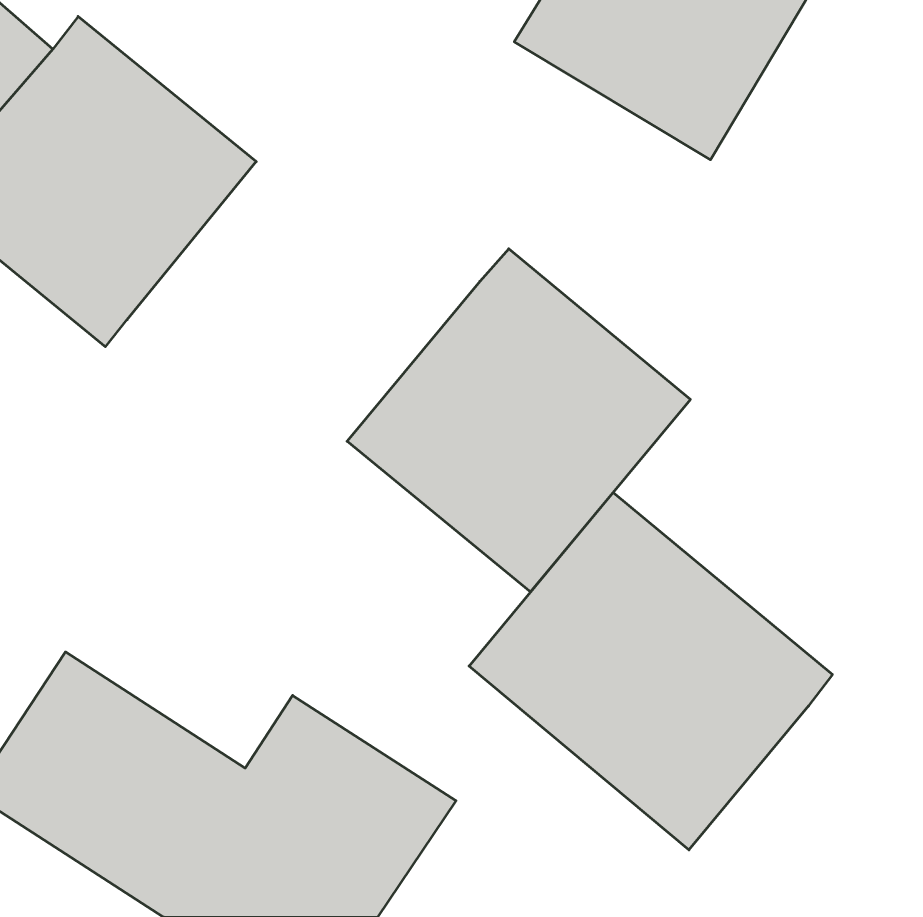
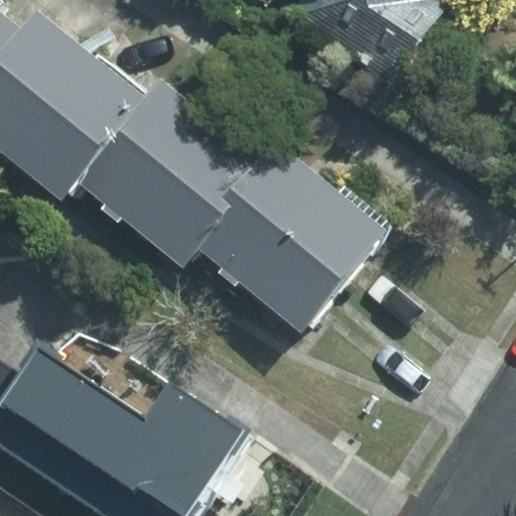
building: none -> [71,71,266,265]
building: [469,493,832,850] -> none

